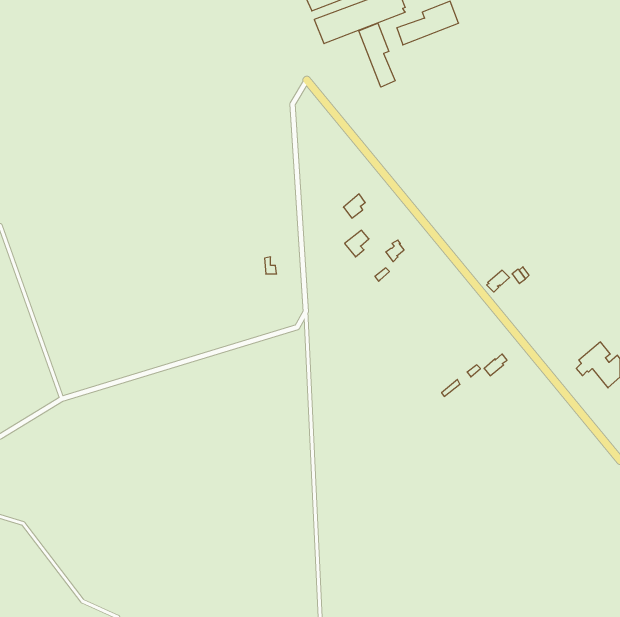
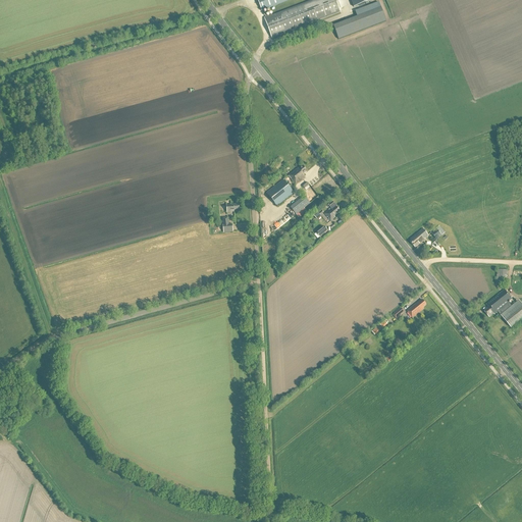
building: [359,23,395,87] -> none
building: none -> [266,178,294,205]

